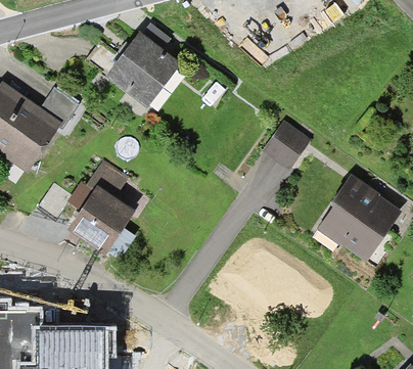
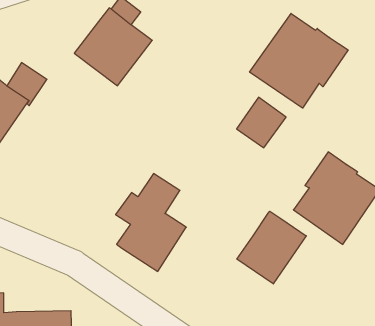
building: none -> [250,13,348,108]
building: [65,159,134,255] -> [116,174,186,271]
building: none -> [237,211,306,284]

